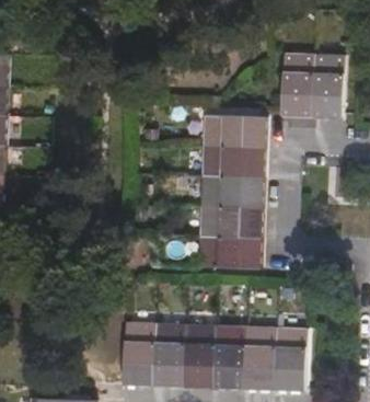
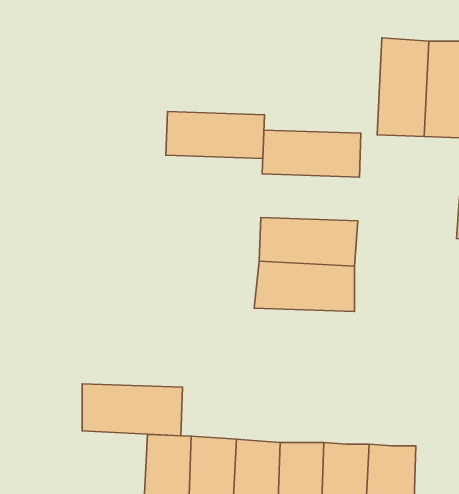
building: [201,145,268,176] -> [166,112,264,159]
building: [197,236,265,271] -> [82,384,183,436]

